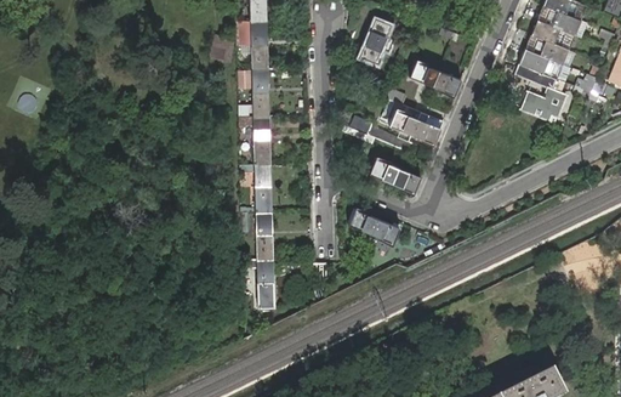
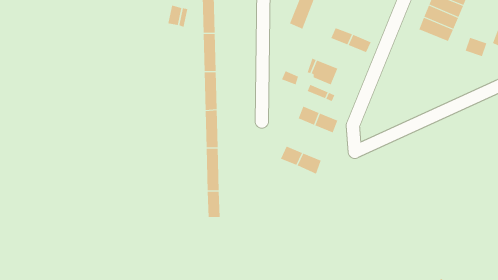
building: [514,63,565,120] -> none
building: [411,112,443,142] -> none

